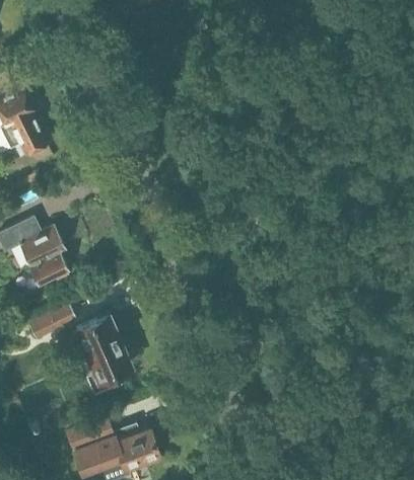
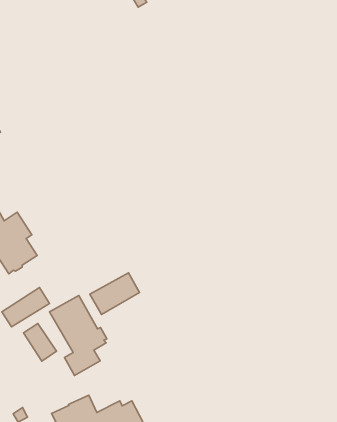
building: none -> [90,273,139,315]
building: none -> [23,323,57,361]

